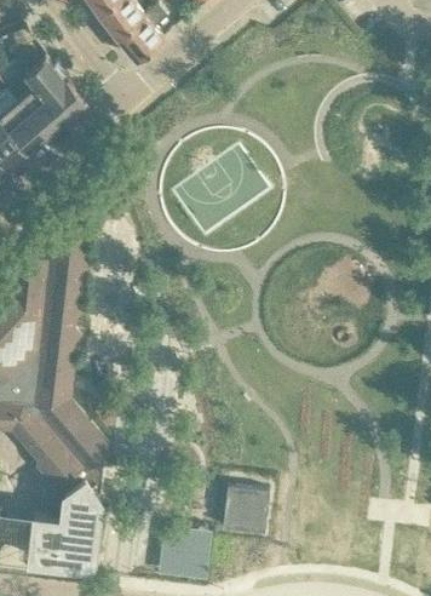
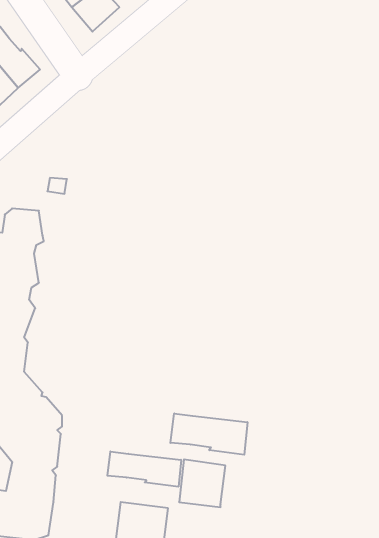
building: none -> [170,413,247,455]
building: none -> [107,451,181,487]

